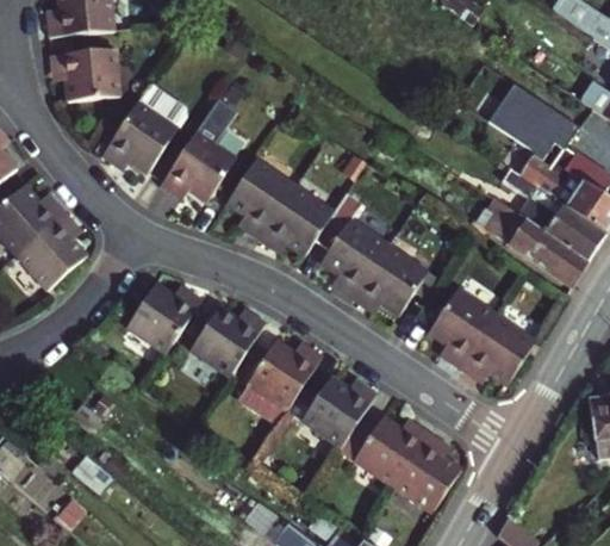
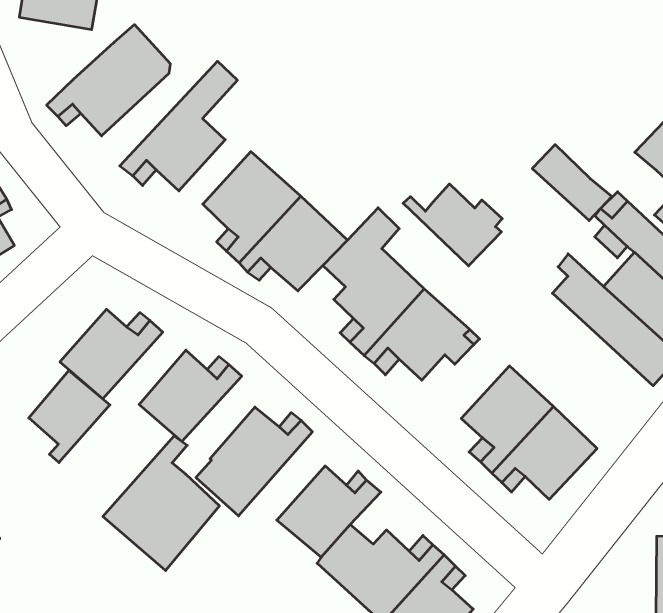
building: [487,95,549,148] -> [532,145,612,221]
building: none -> [403,184,502,266]
building: none -> [29,370,110,463]
building: none -> [103,436,219,571]

